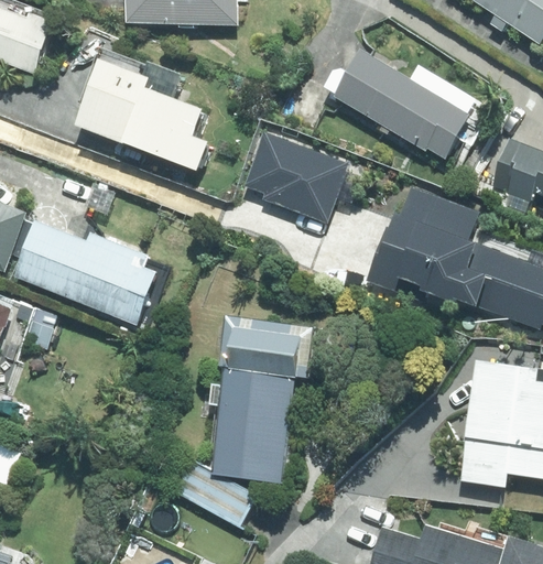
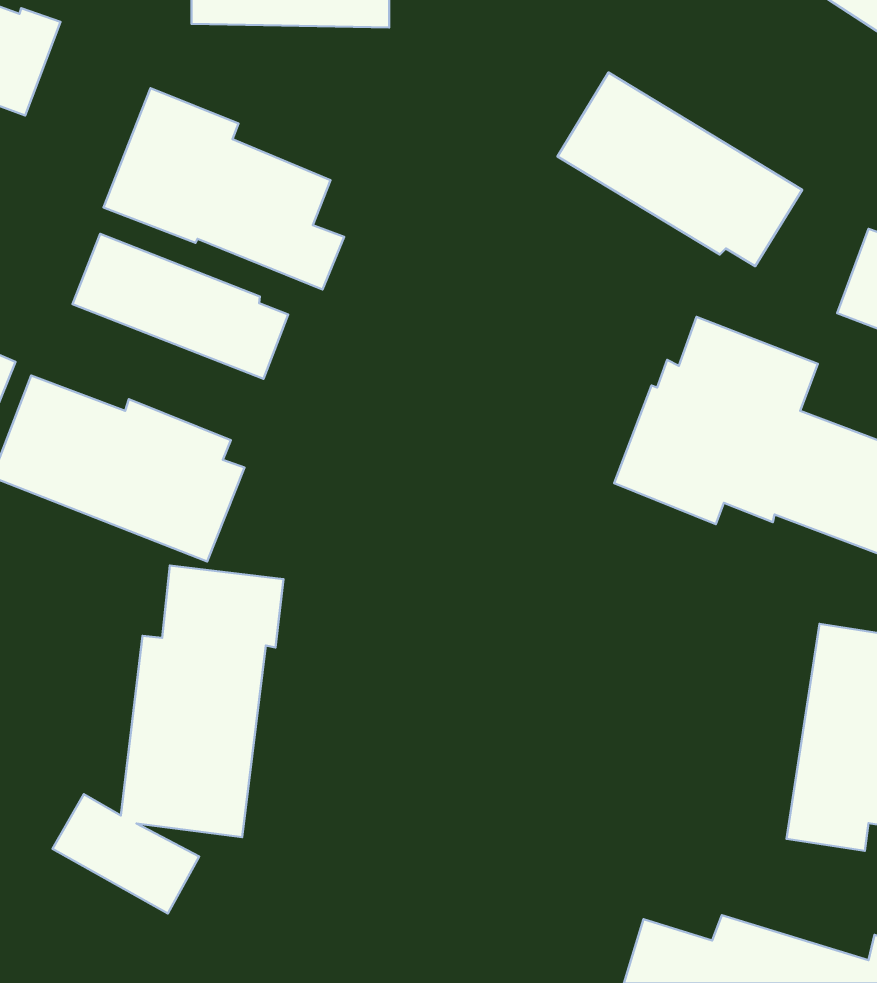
building: [243,131,348,221] -> none
building: none -> [73,234,288,379]
building: [173,329,303,525] -> [52,565,283,913]

